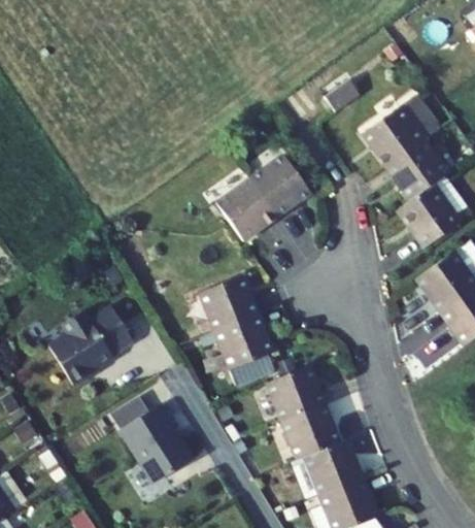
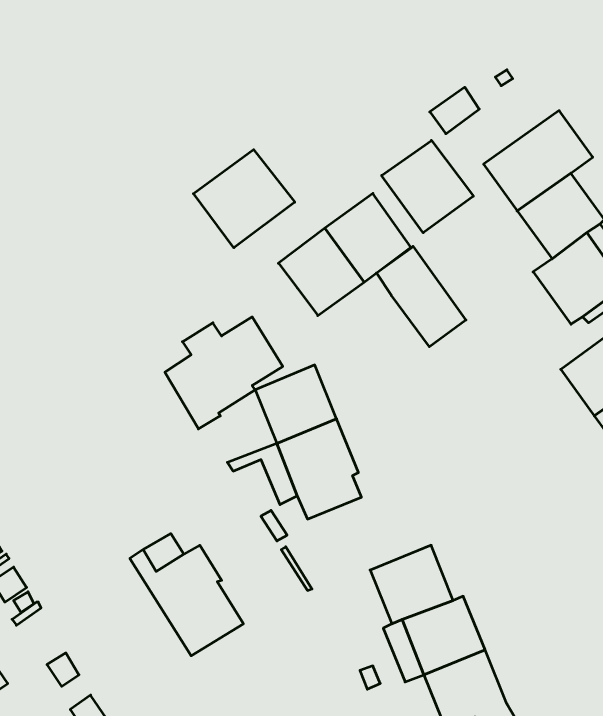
building: none -> [382,140,473,233]
building: none -> [193,150,295,248]
building: none -> [376,246,466,347]
building: [49,306,133,386] -> [165,317,283,429]
building: [266,366,325,422] -> none

